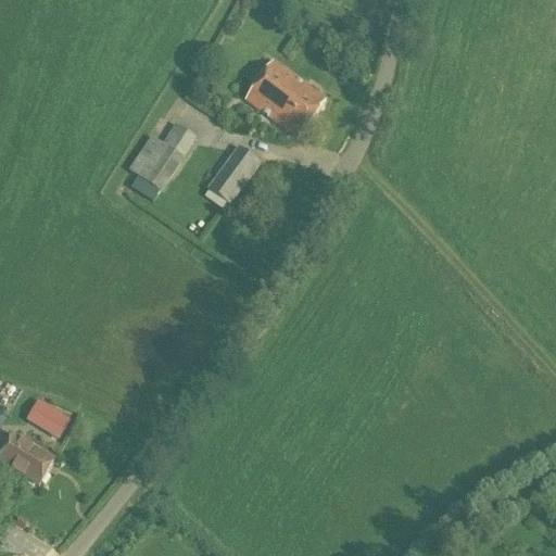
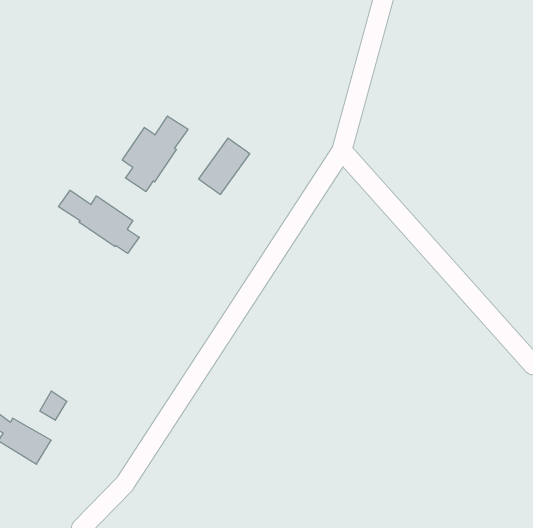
building: [247,60,324,134] -> none
building: none -> [58,190,139,253]

